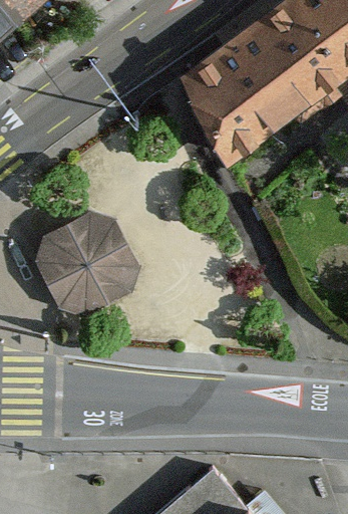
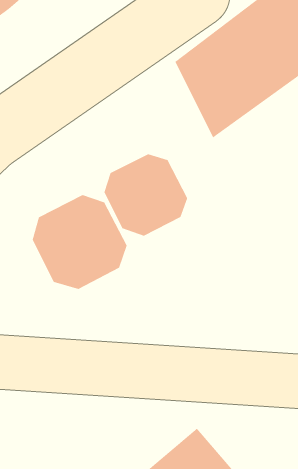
building: none -> [104,153,188,236]

